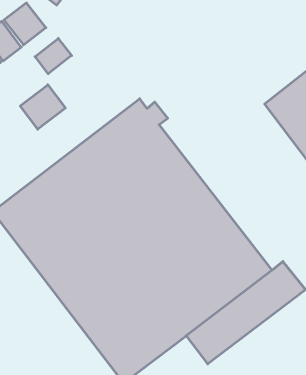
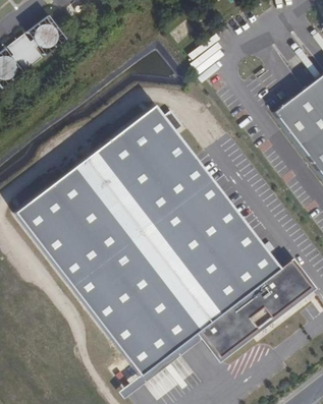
building: [35,38,72,74] -> none
building: [20,85,65,129] -> none

